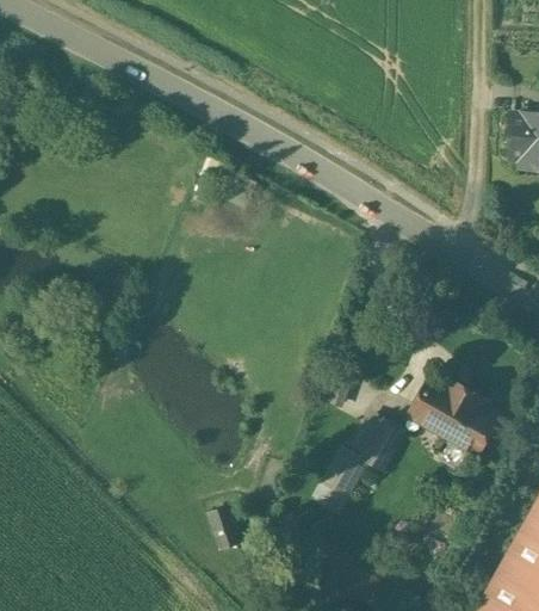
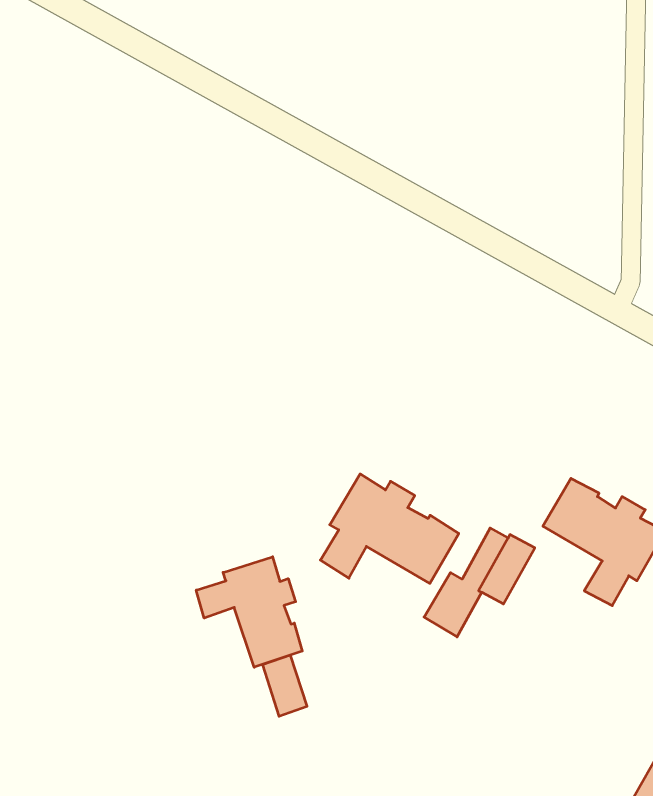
building: none -> [320,474,459,583]
building: none -> [196,557,302,667]

